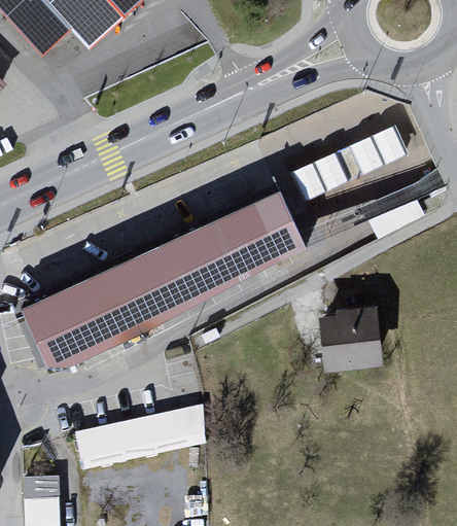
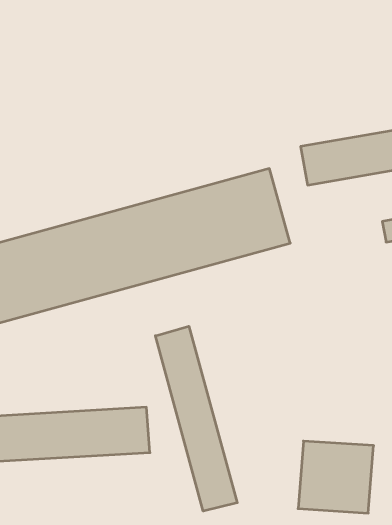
building: [316,307,380,370] -> [298,441,374,513]
building: none -> [155,326,237,511]

